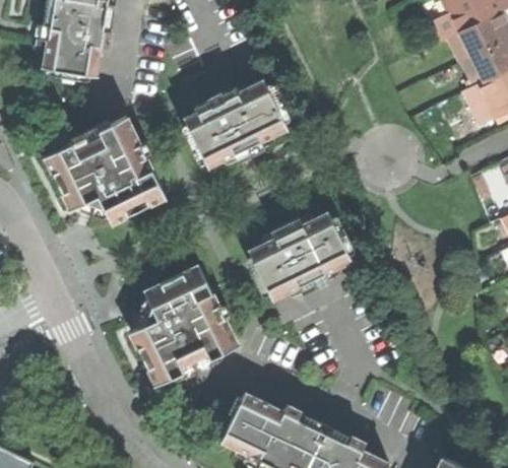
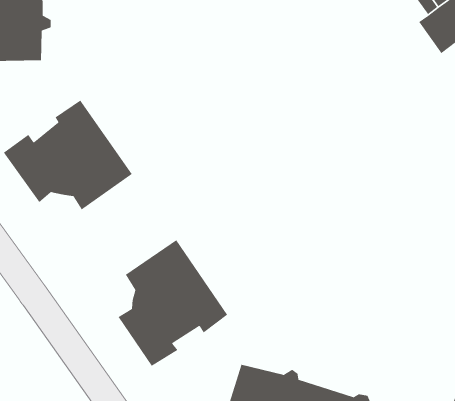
building: [183,80,287,165] -> none
building: [249,211,350,297] -> none

